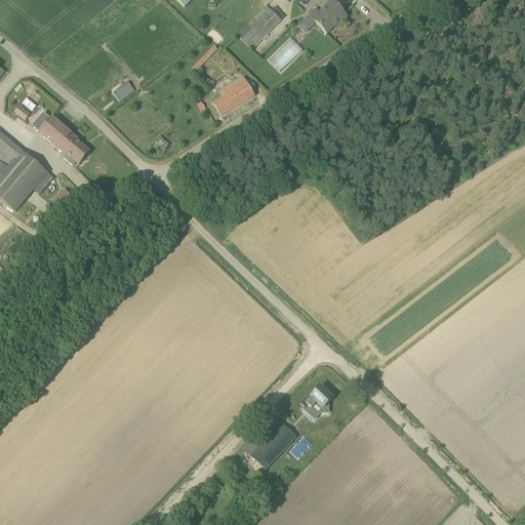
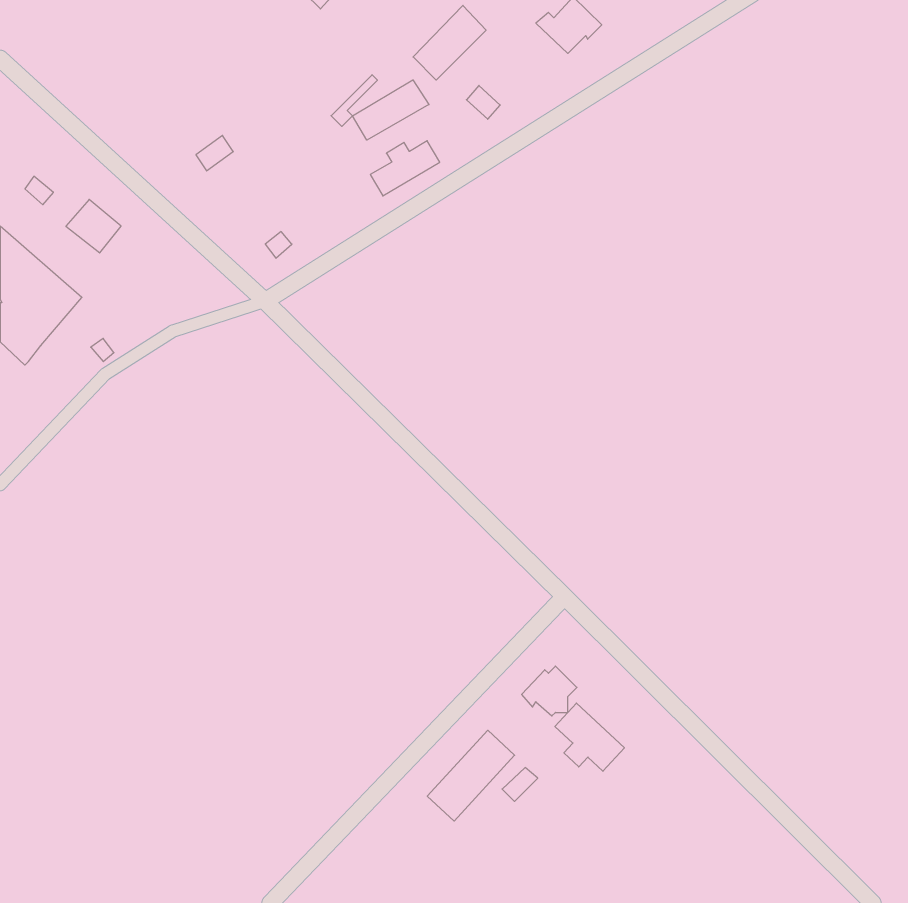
building: none -> [353,80,429,140]
building: [58,130,90,161] -> none
building: none -> [555,703,624,771]

